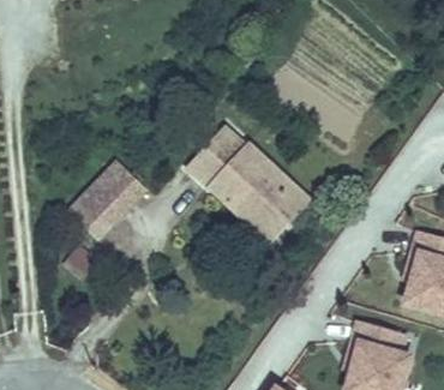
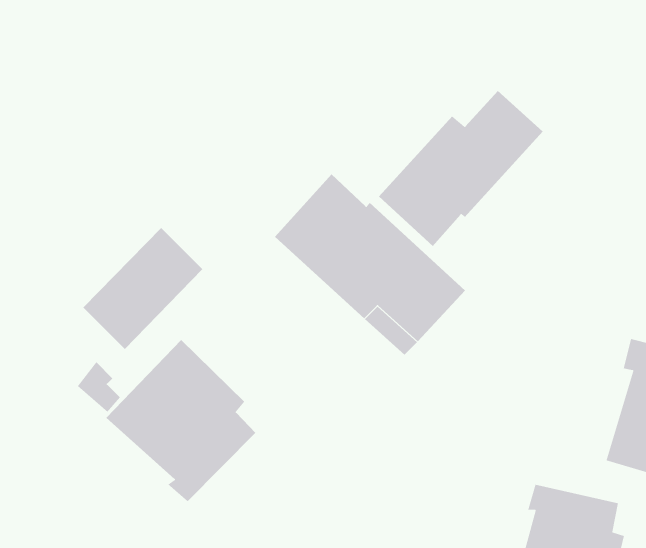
building: none -> [378,90,543,247]
building: none -> [106,339,256,502]

